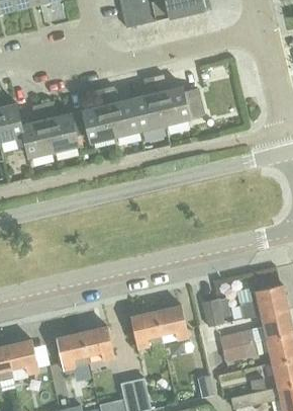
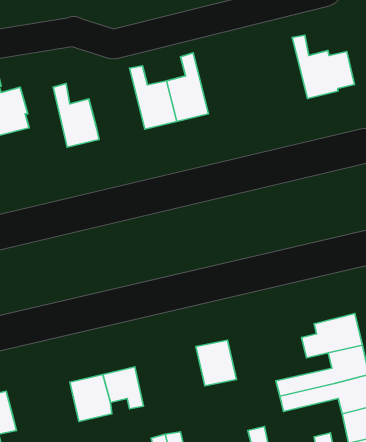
building: [154,74,203,125] -> [292,35,354,99]
building: [71,88,115,143] -> none
building: [20,103,54,157] -> none
building: [202,298,229,326] -> none
building: [129,310,163,347] -> none
building: [5,339,38,375] -> none

